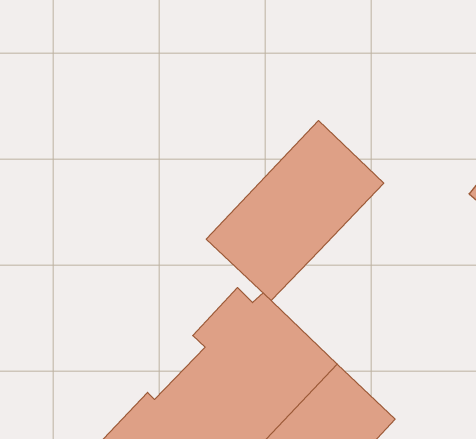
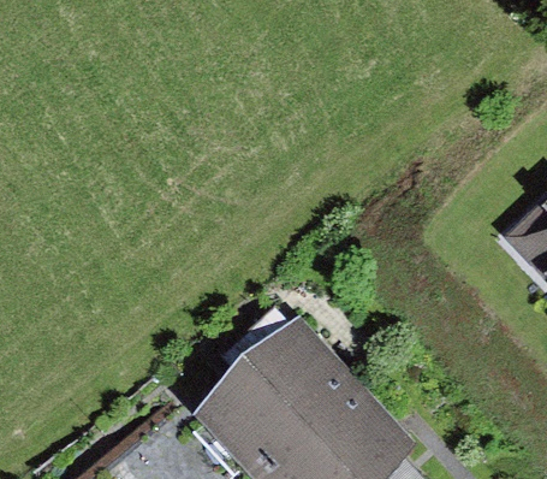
building: [206,121,384,301] -> none

